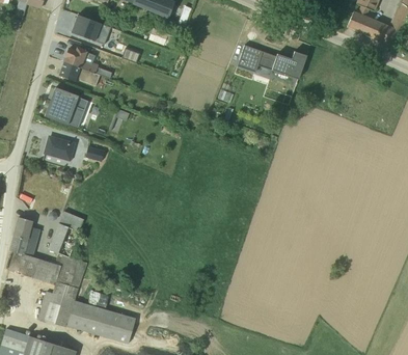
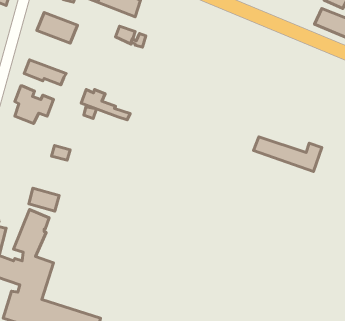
building: [239,45,306,79] -> [254,137,322,171]
building: [63,48,112,78] -> [81,90,130,120]
building: [45,136,75,159] -> [29,188,59,211]

